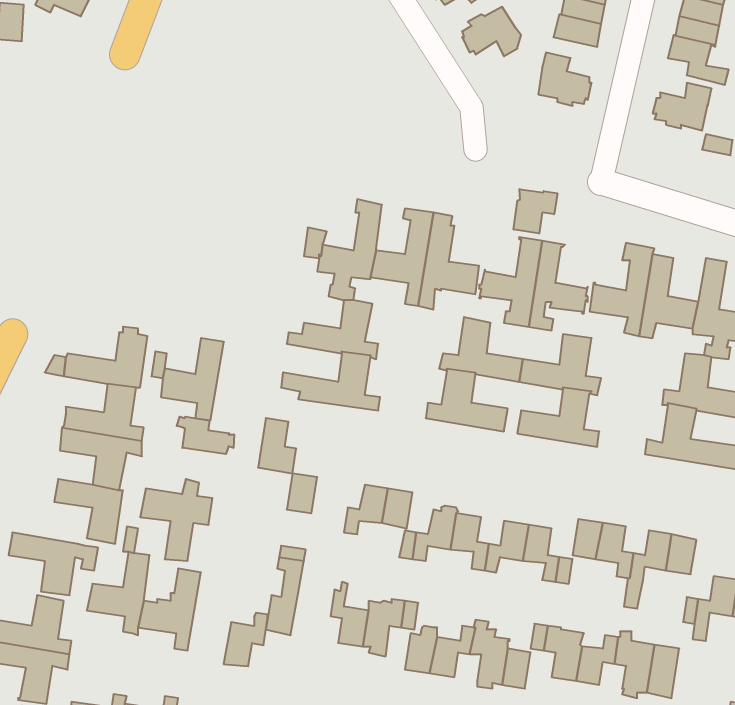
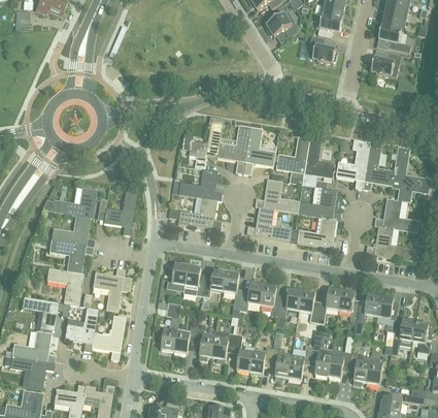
building: [514,189,557,234] -> none
building: [177,417,234,454] -> none
building: [258,418,296,473] -> [183,265,204,295]
building: [224,613,267,666] -> [173,323,197,352]

